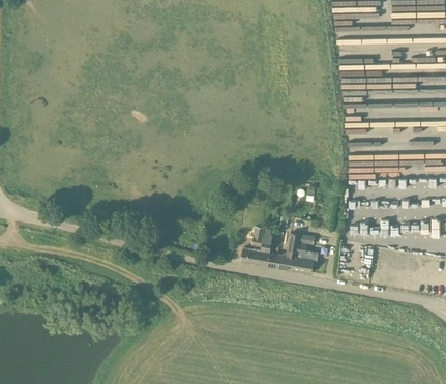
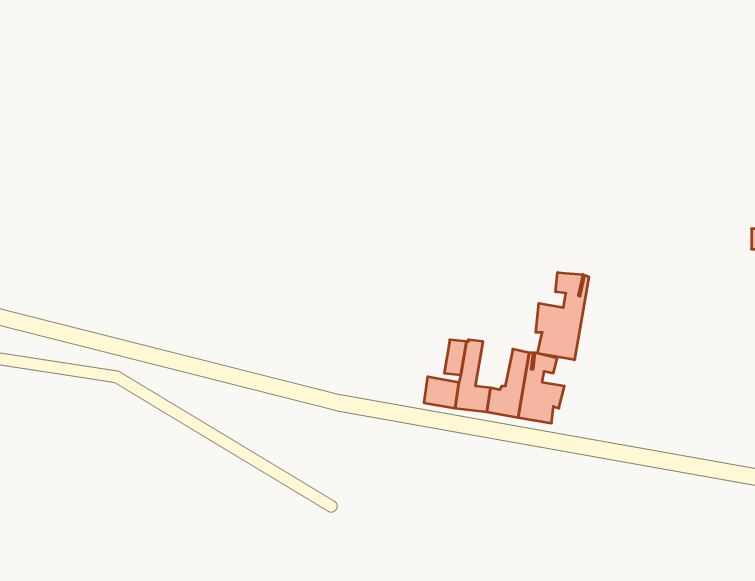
building: none -> [536,272,589,360]

